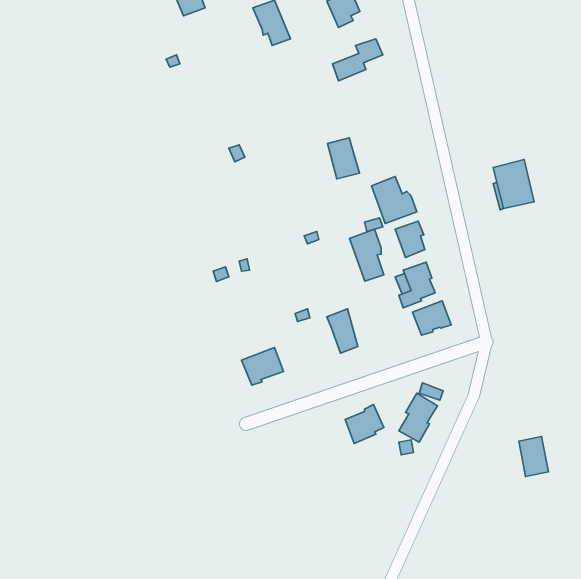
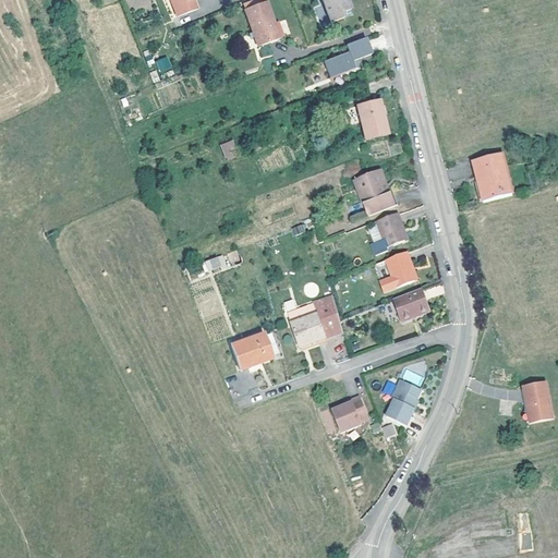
building: [328,138,360,179] -> [356,97,387,136]
building: [349,229,384,281] -> none
building: none -> [292,314,327,348]
building: [519,437,548,476] -> [523,381,551,420]

